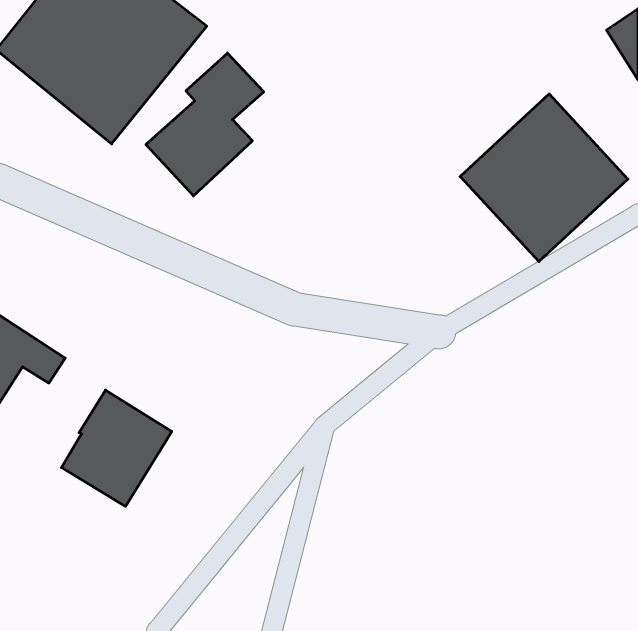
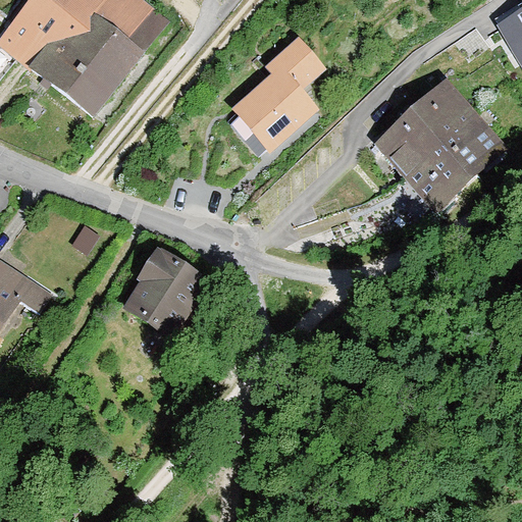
building: [146,53,264,196] -> [229,36,325,152]
building: [61,390,172,506] -> [121,246,211,341]

